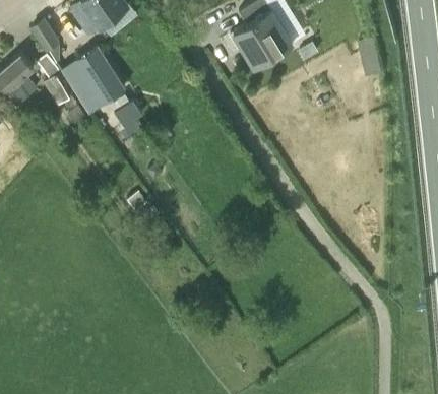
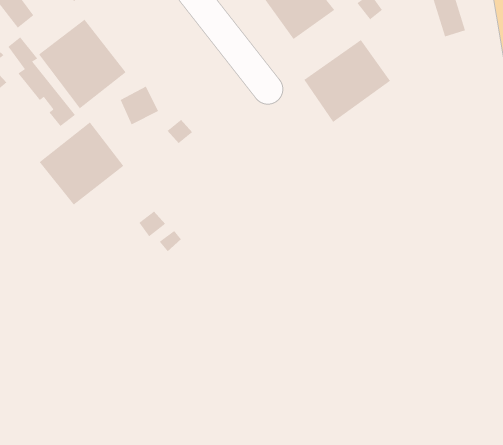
building: none -> [304,39,391,123]
building: none -> [39,121,124,206]

